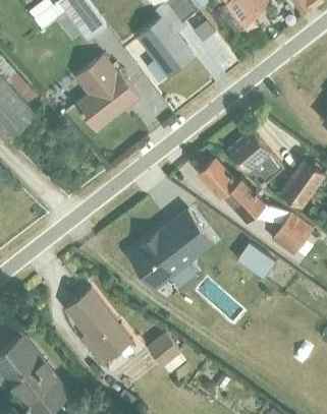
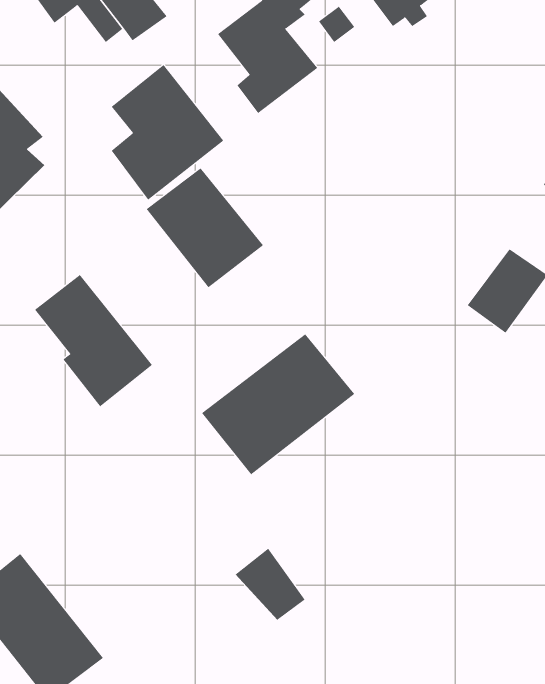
building: none -> [146,168,264,288]
building: [228,129,283,184] -> none
building: [199,158,314,255] -> none
building: [237,244,275,279] -> none
building: [64,289,132,365] -> [34,274,153,407]

